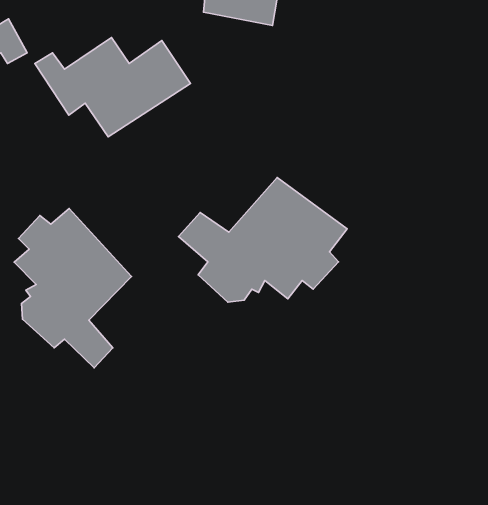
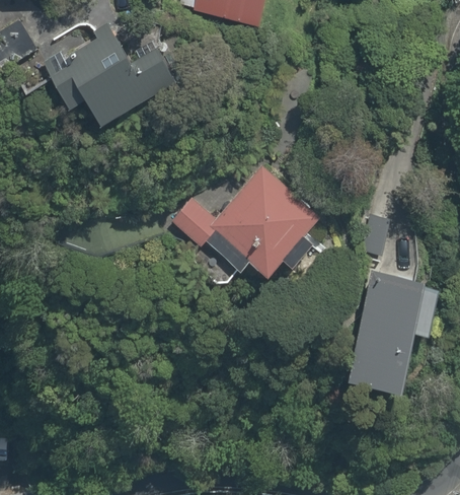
building: [14,208,131,368] -> none
building: none -> [351,266,430,388]

